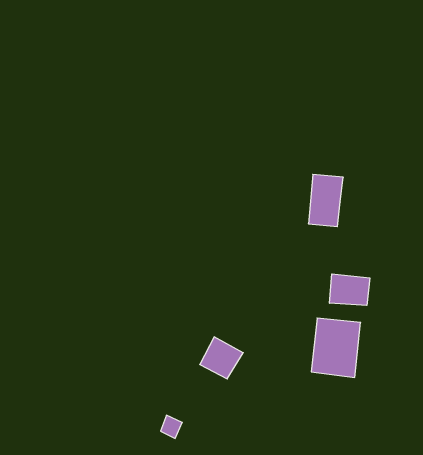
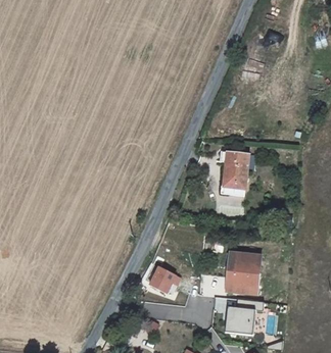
building: [330,274,370,305] -> none
building: none -> [227,300,257,333]

